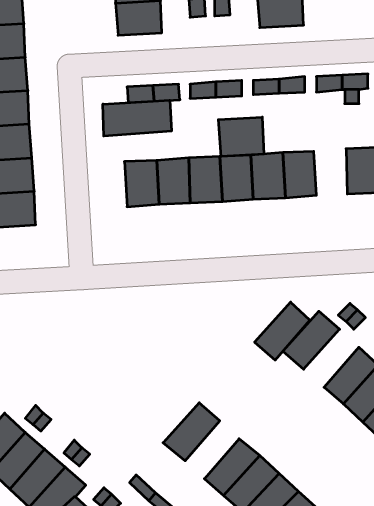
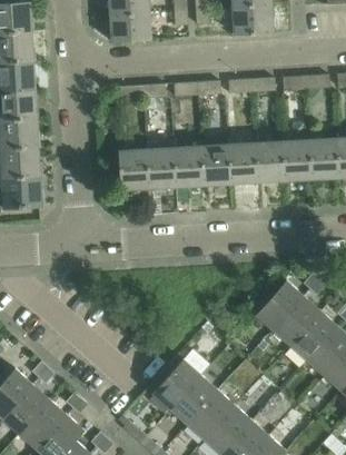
building: [103,100,171,136] -> none
building: [218,117,264,156] -> none
building: none -> [280,139,309,179]
building: [255,302,310,360] -> [271,295,319,345]
building: none -> [169,374,216,424]

